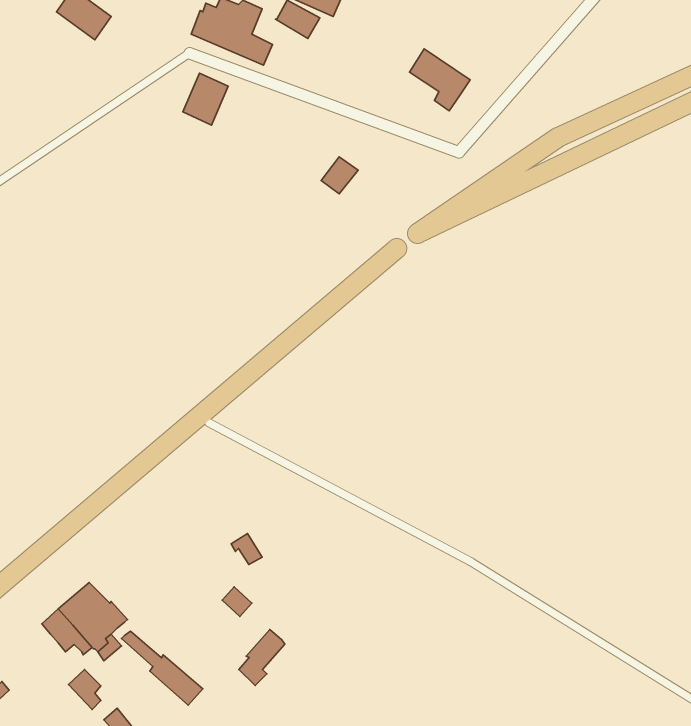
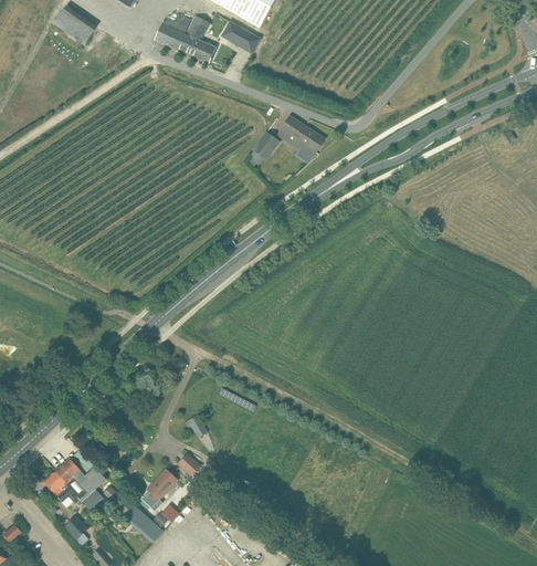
building: [409,49,470,111] -> [277,116,323,163]
building: [183,73,228,125] -> none
building: [239,629,285,686] -> [141,469,176,511]

